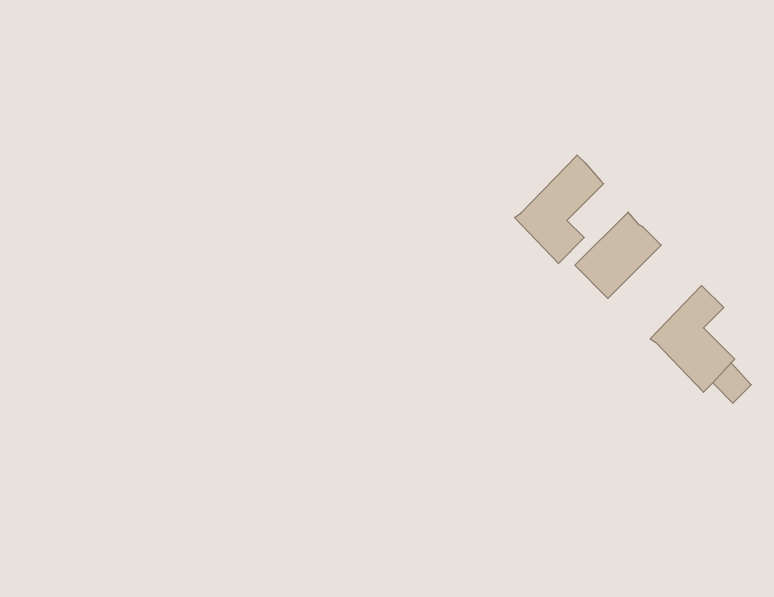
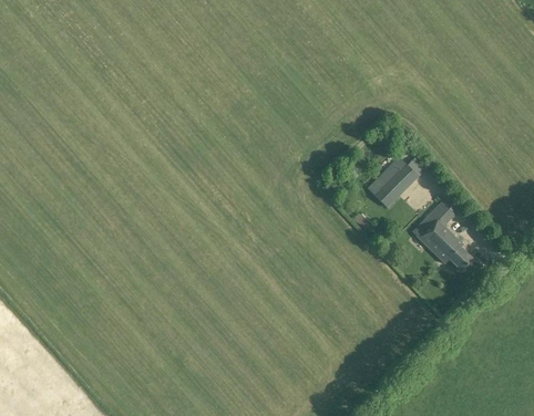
building: [515,155,604,264] -> none

